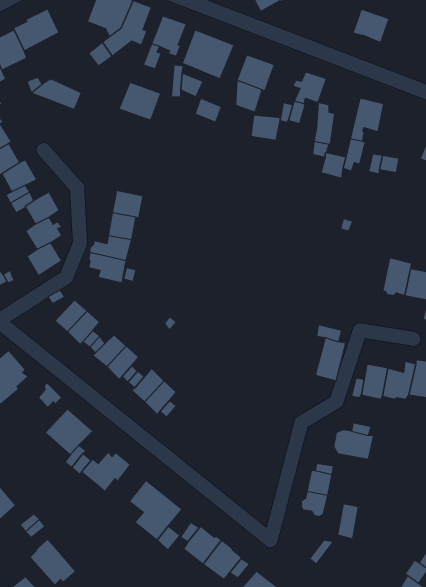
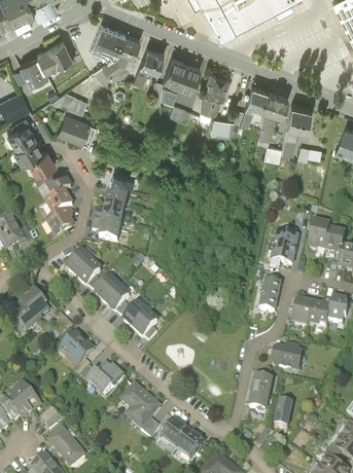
building: [353,9,389,43] -> [261,90,288,115]
building: [119,82,161,120] -> [58,114,89,142]
building: none -> [272,232,298,263]

